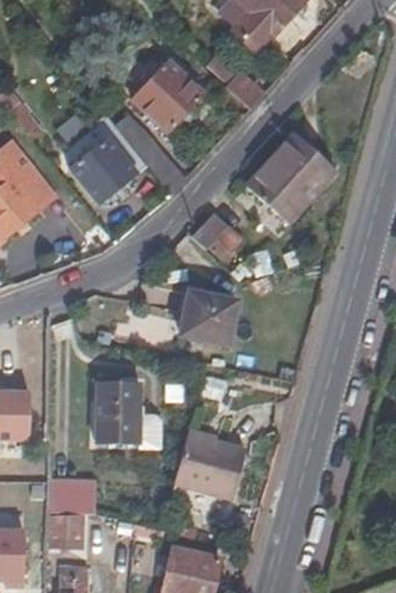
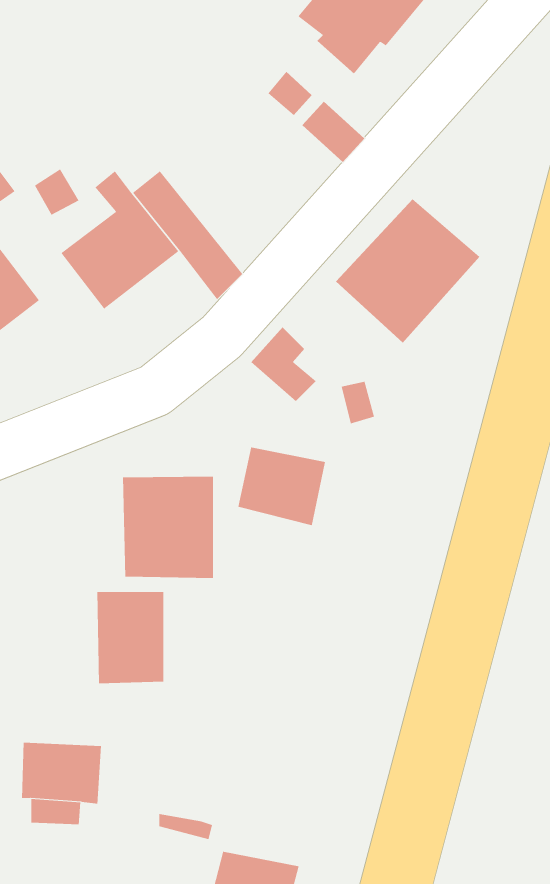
building: [133,62,205,133] -> none
building: none -> [122,476,213,579]
building: [173,428,245,499] -> none

